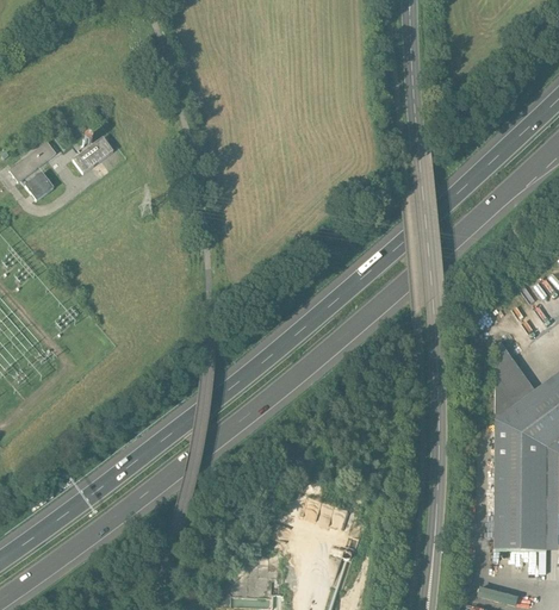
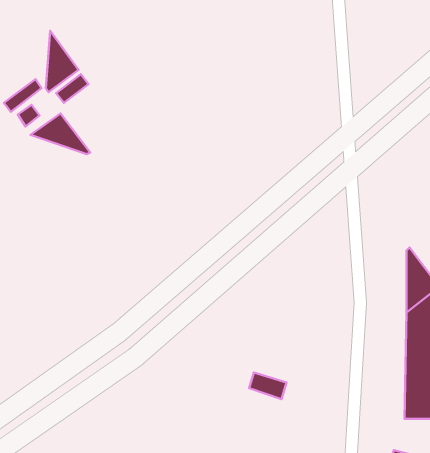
building: none -> [46,31,78,92]
building: none -> [30,113,90,154]

